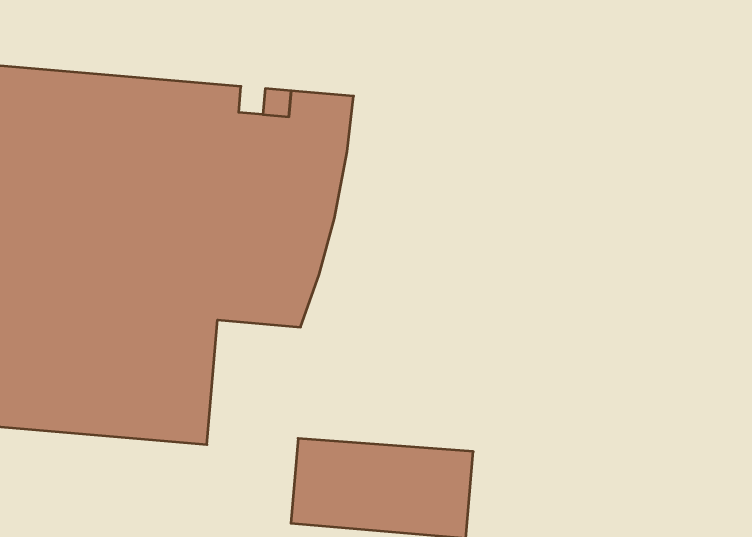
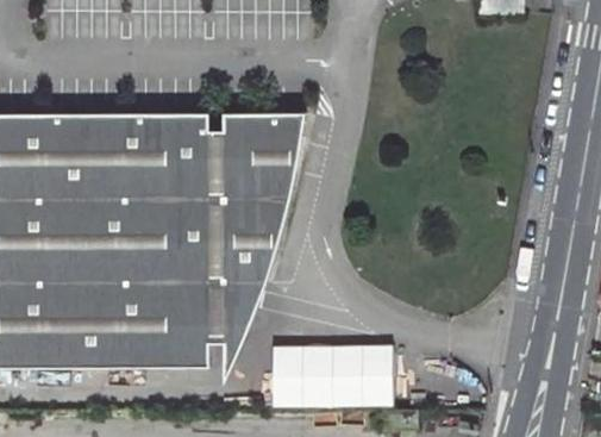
building: none -> [208,273,265,377]

